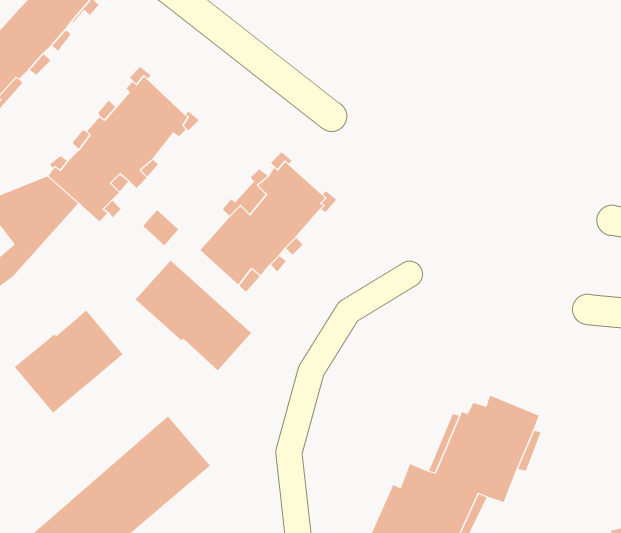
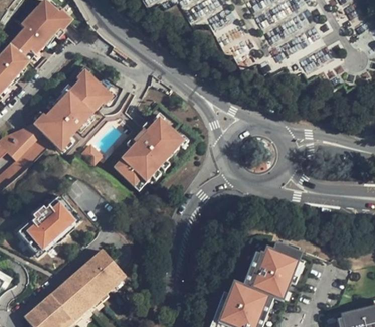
building: [135,260,252,371] -> none

